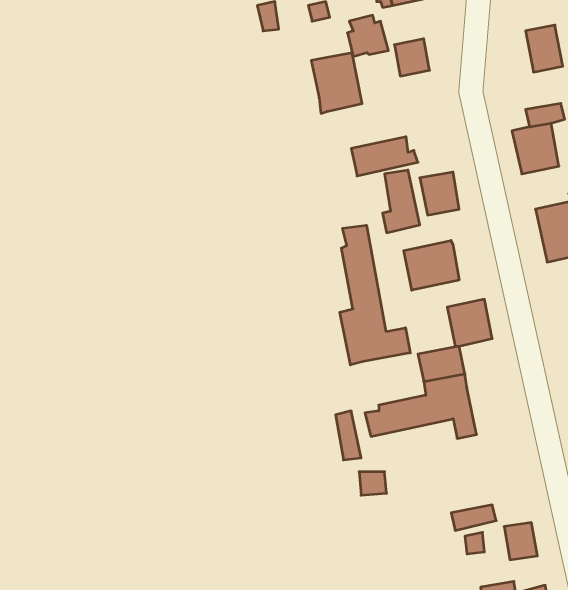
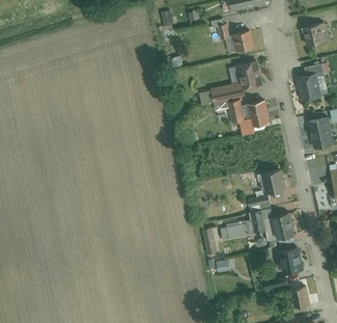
building: [311,53,362,113] -> [236,58,263,90]
building: [340,225,410,365] -> none
building: [404,240,459,290] -> none
building: none -> [273,211,296,240]
building: none -> [279,247,303,273]

